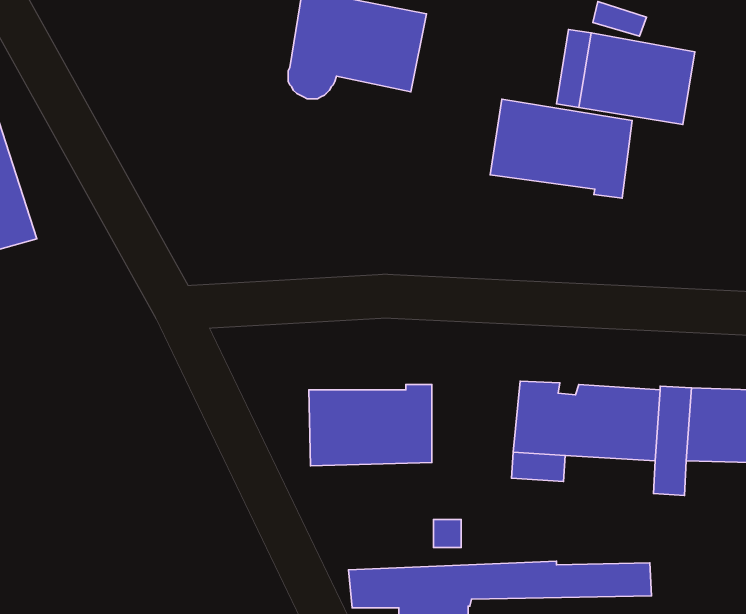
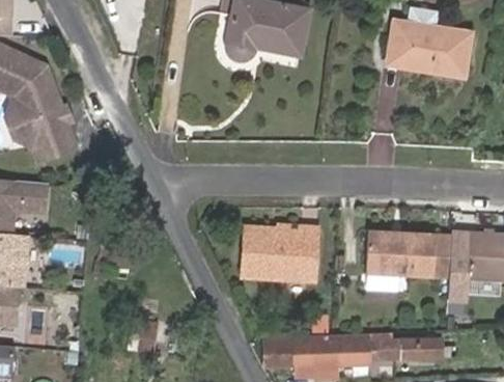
building: [490,99,632,198] -> none

